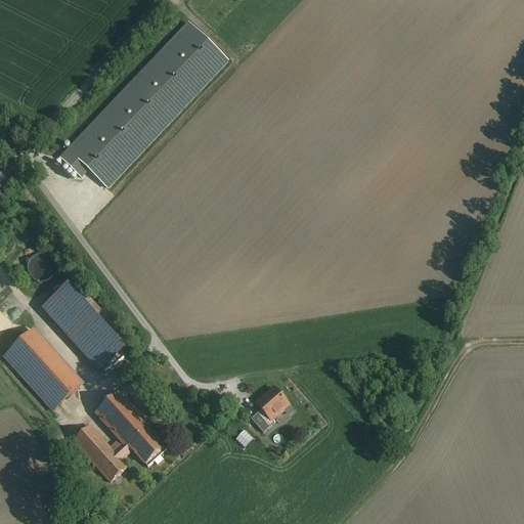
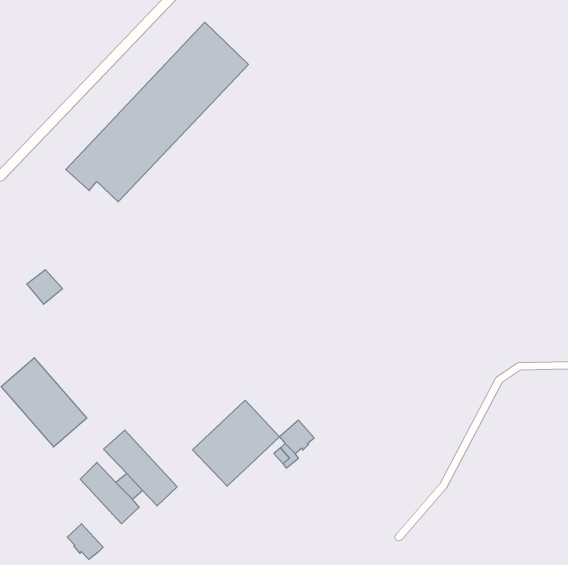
building: [38,278,126,369] -> none
building: none -> [193,400,280,486]
building: none -> [67,524,103,559]

